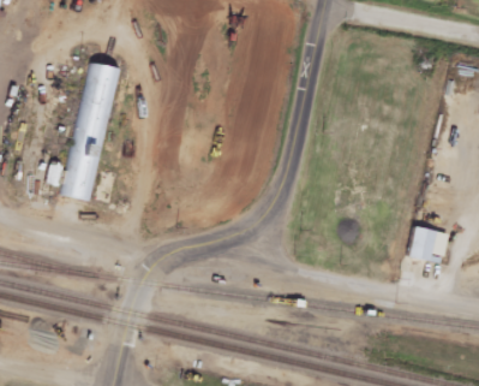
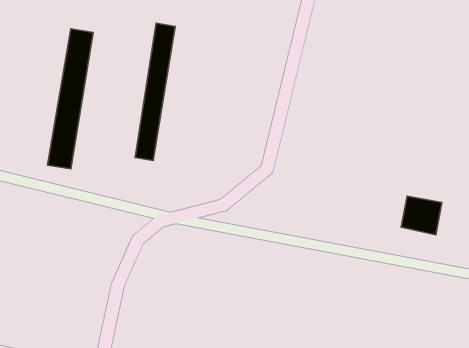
building: none -> [135,23,175,160]

